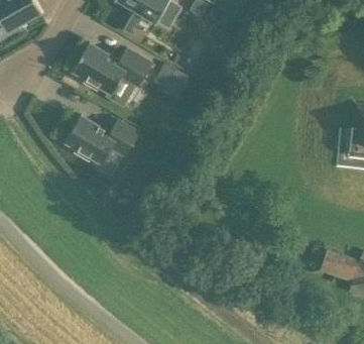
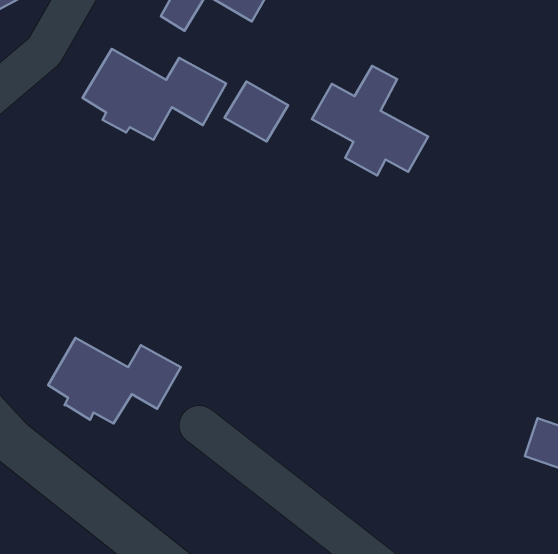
building: none -> [312,66,428,175]
building: [66,116,139,163] -> [48,338,181,423]

